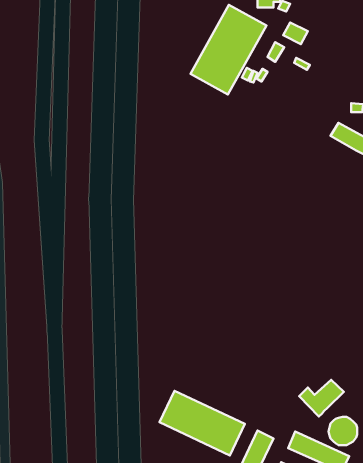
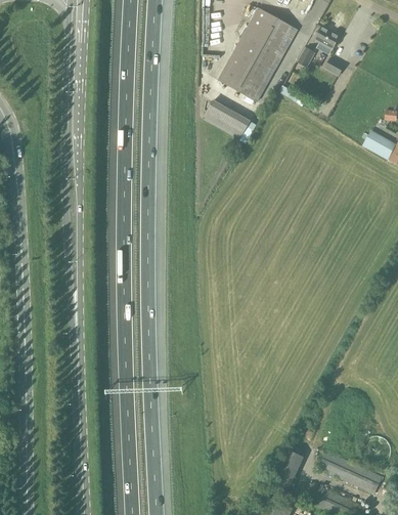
building: none -> [204,99,251,138]
building: [299,380,344,417] -> none
building: [160,391,245,455] -> none

